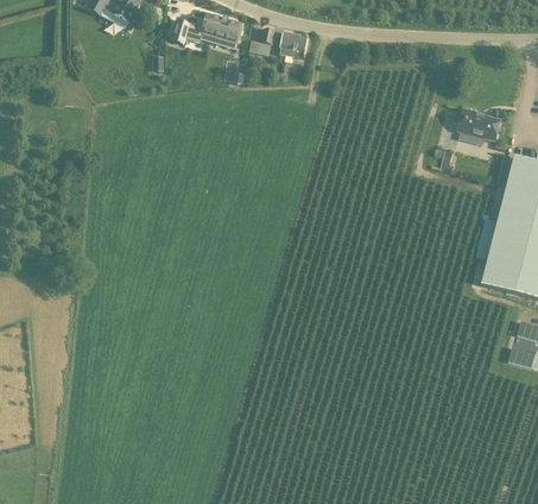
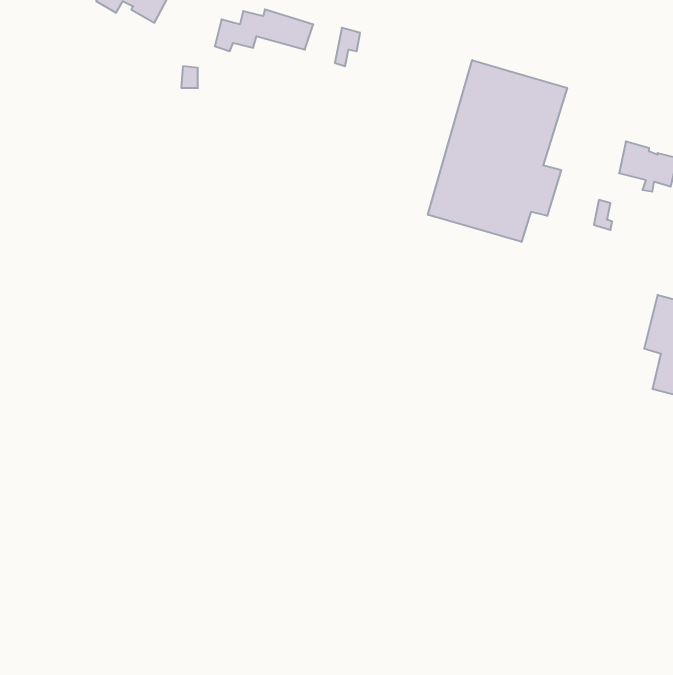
building: [278,32,304,59] -> none
building: none -> [428,60,567,242]

